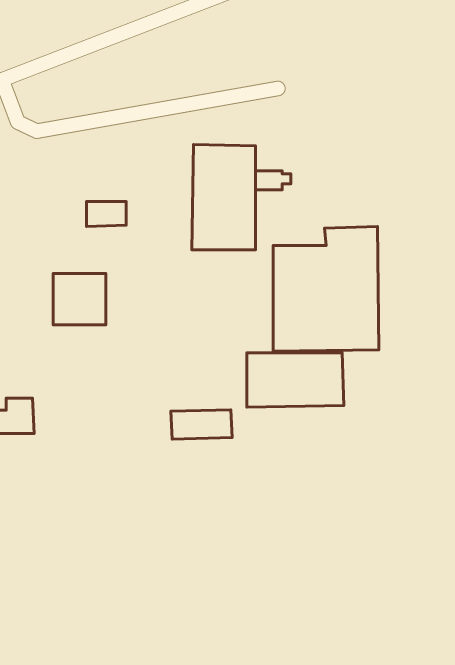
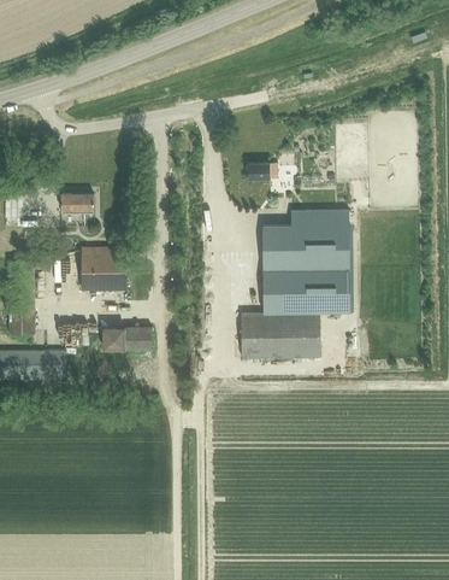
building: [192,144,256,250] -> none
building: [86,202,126,227] -> [60,194,93,215]
building: [171,410,232,439] -> [101,327,152,351]

